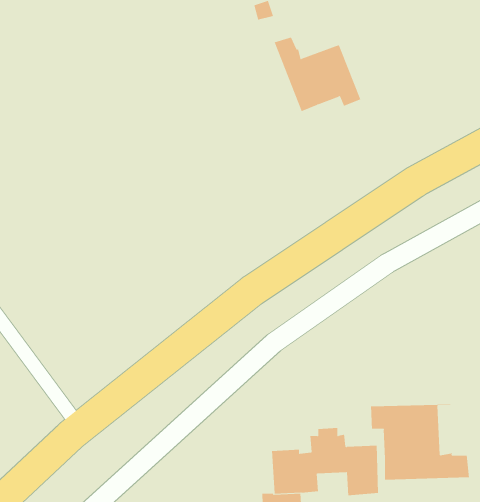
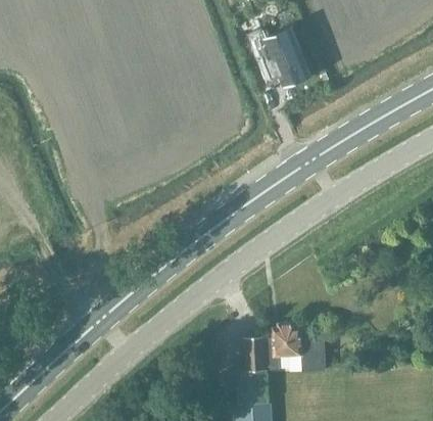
building: [371,404,470,480] -> none

